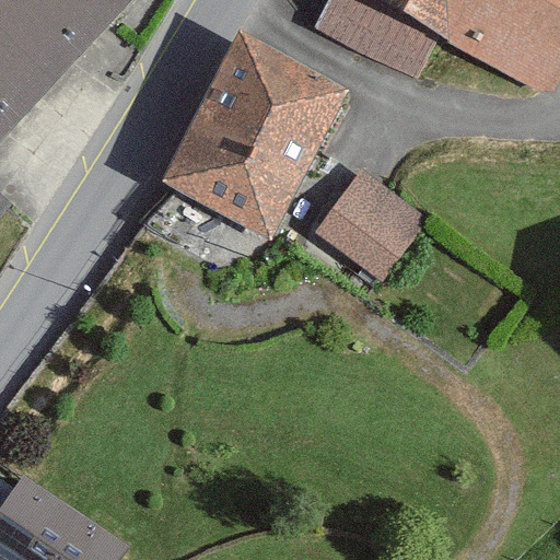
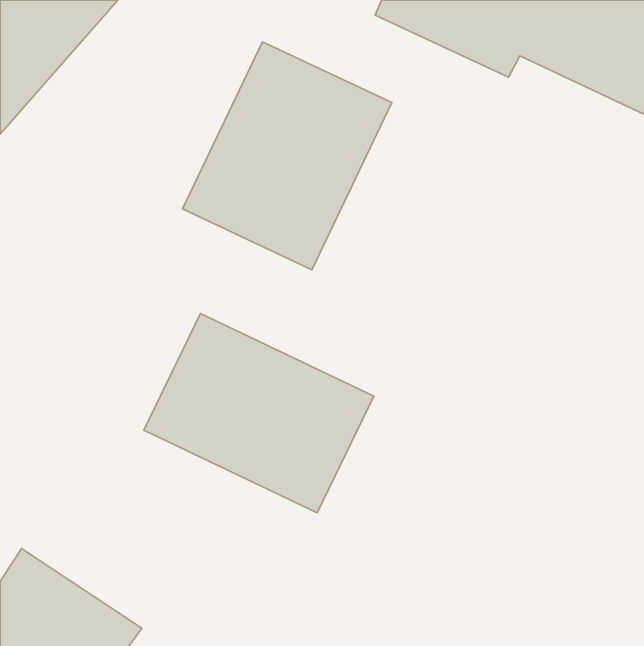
building: [320,164,428,272] -> none
building: none -> [144,313,374,513]

